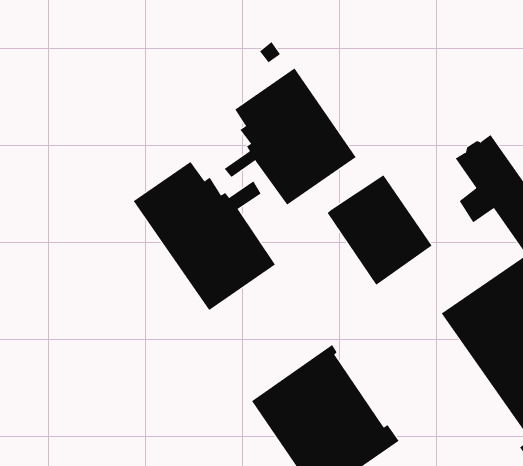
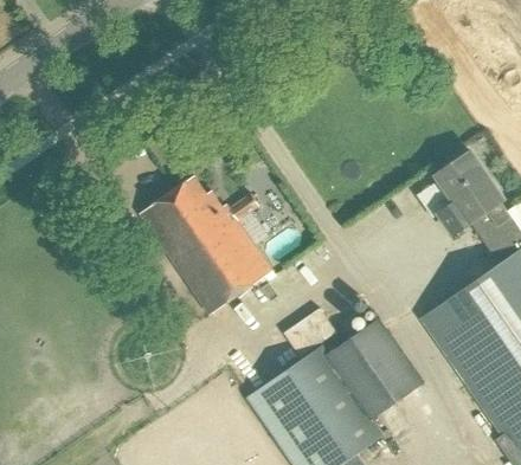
building: [224,68,357,206] -> none
building: [327,175,433,285] -> [326,319,423,421]

